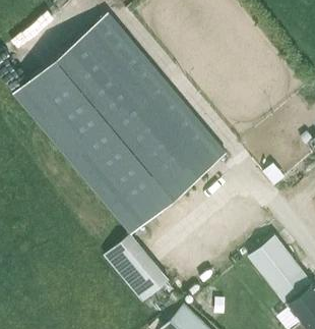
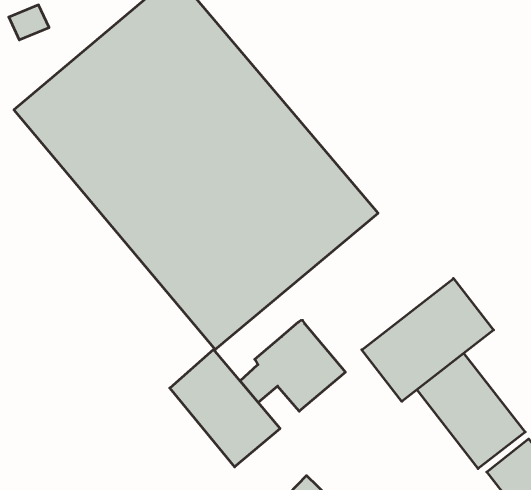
building: none -> [362,278,494,401]
building: none -> [240,320,345,411]

